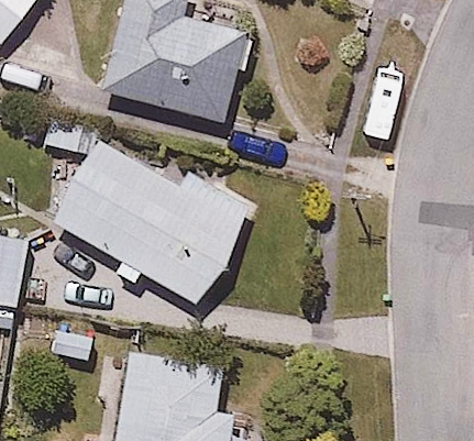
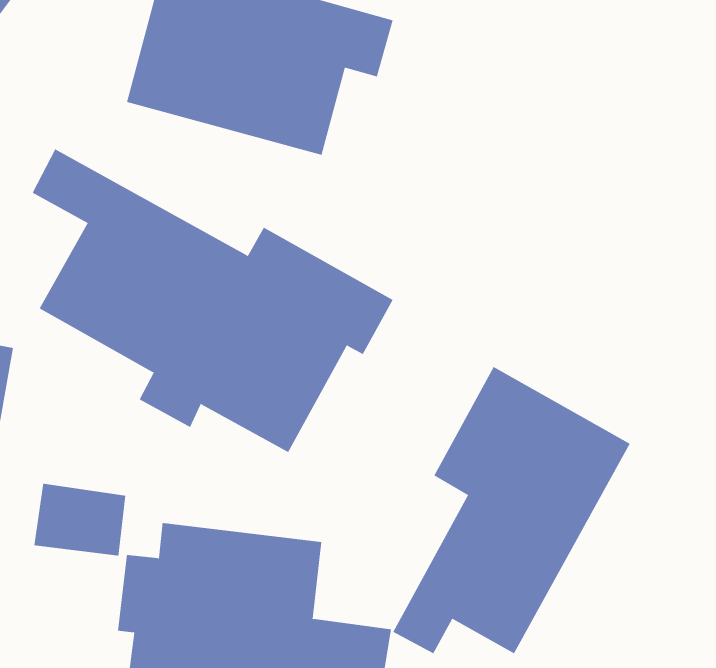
building: none -> [393,366,631,654]

